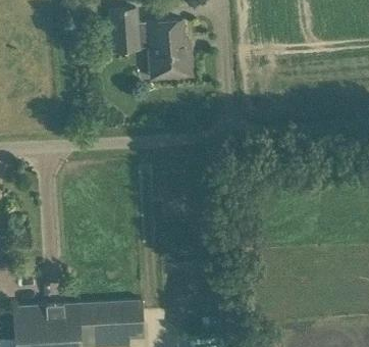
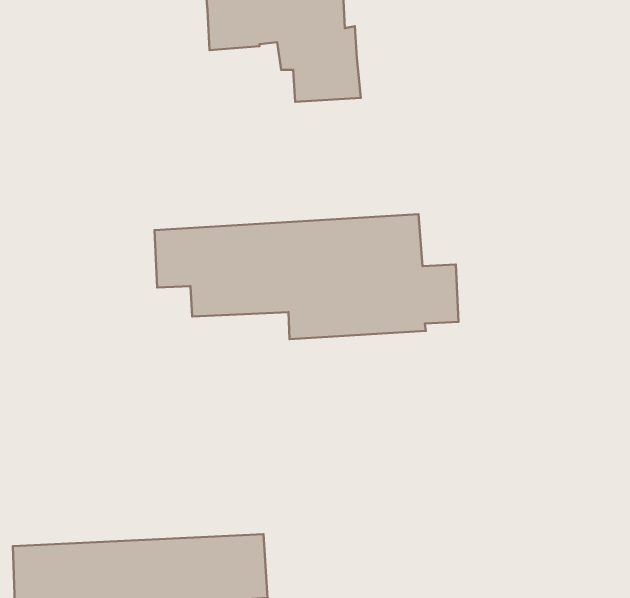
building: none -> [155,214,458,339]

